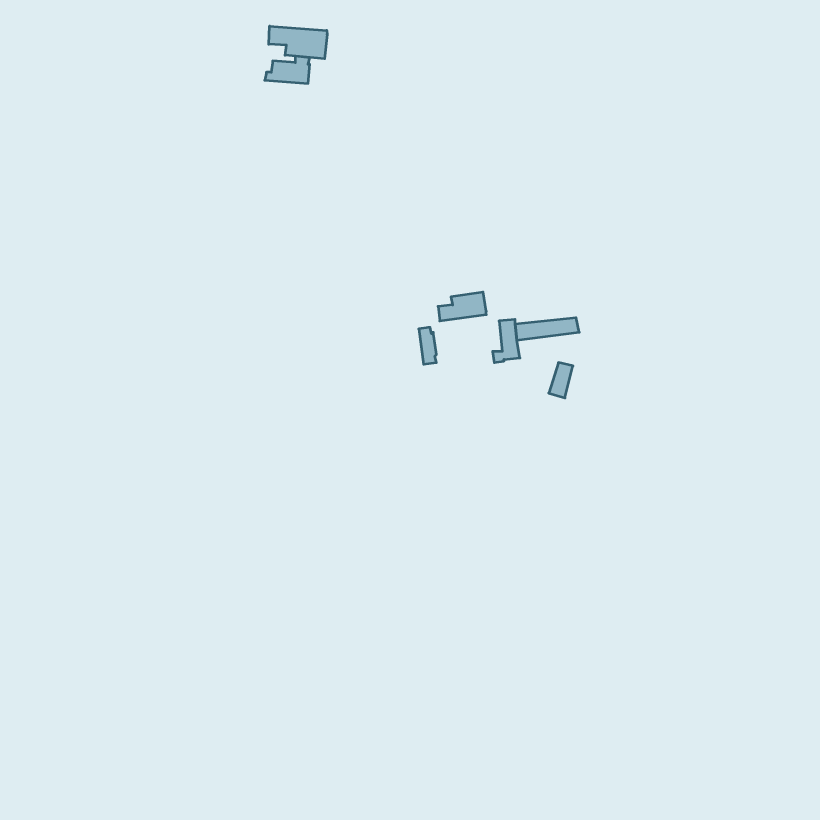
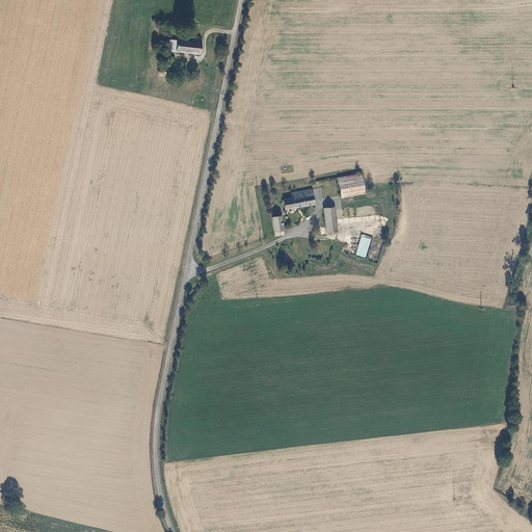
building: [269,26,327,59] -> none
building: none -> [339,174,365,194]

